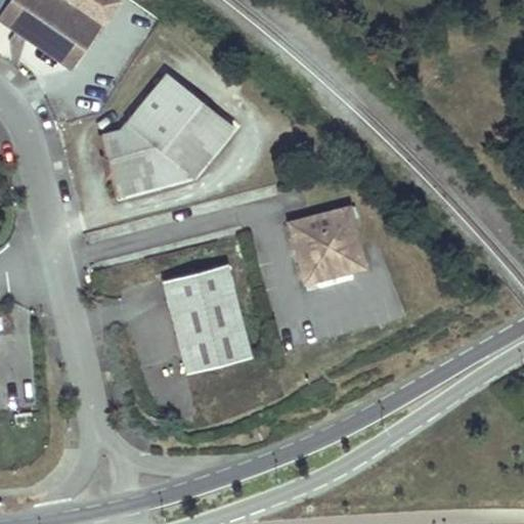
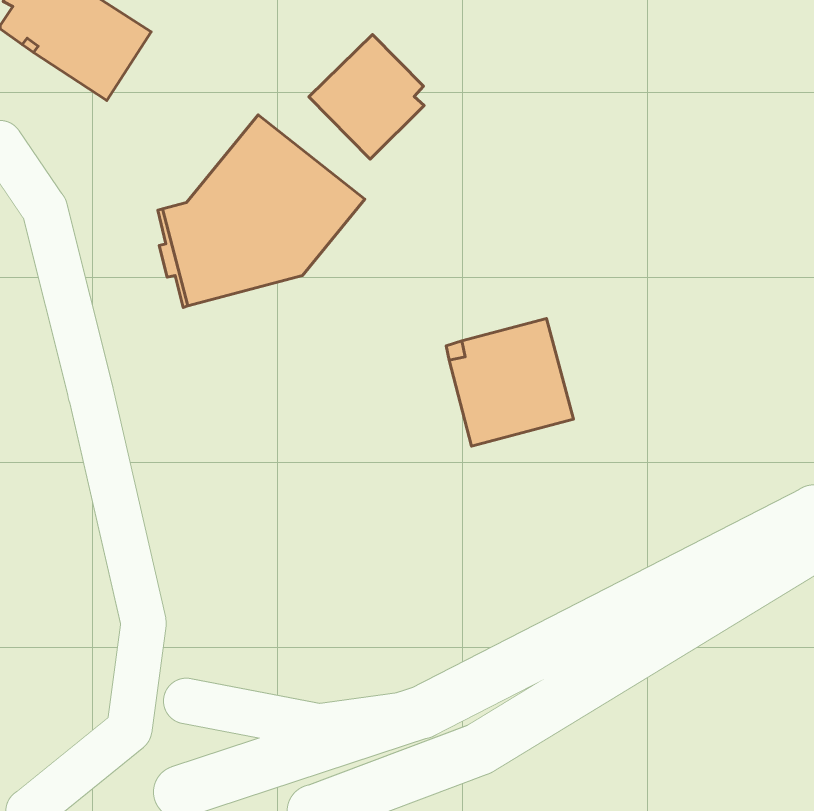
building: none -> [309,35,424,159]
building: [163,264,253,375] -> none

